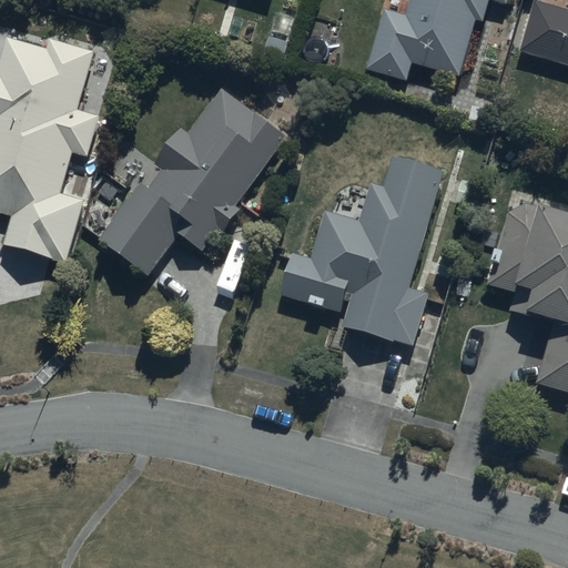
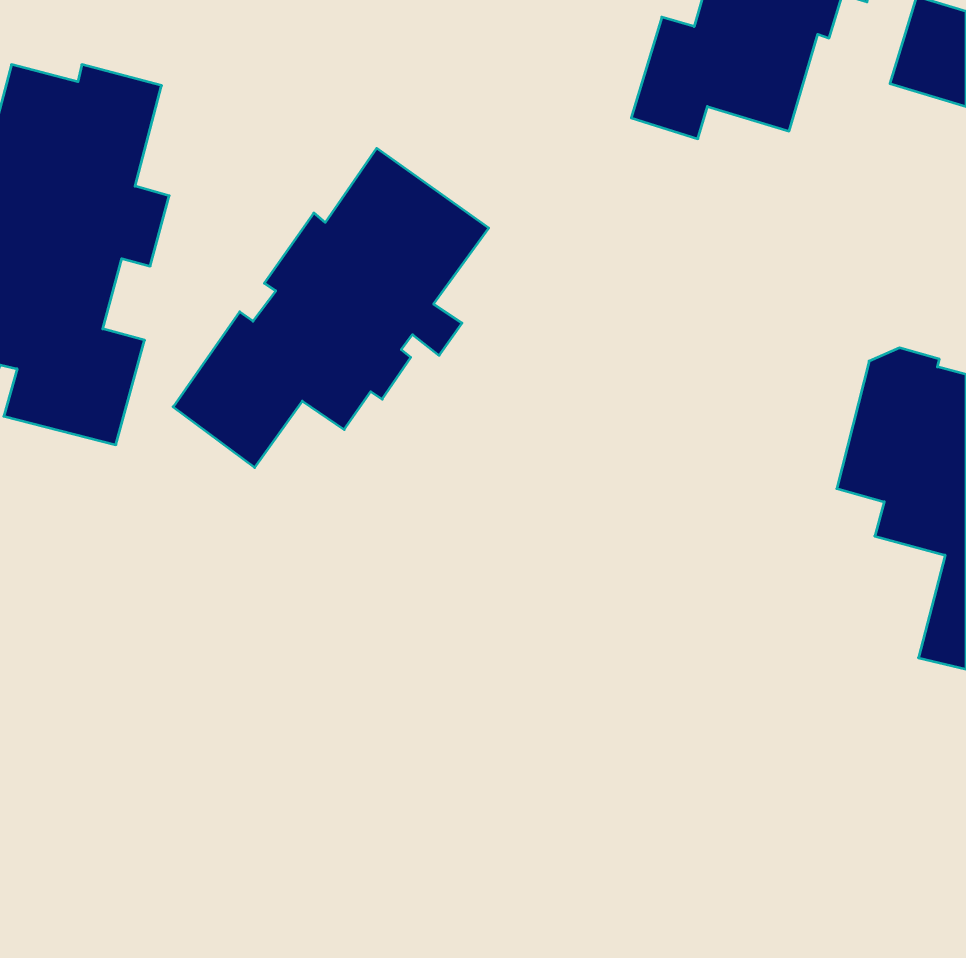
building: [280,154,446,344] -> none

